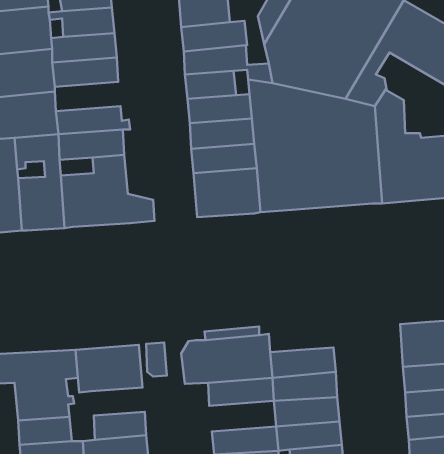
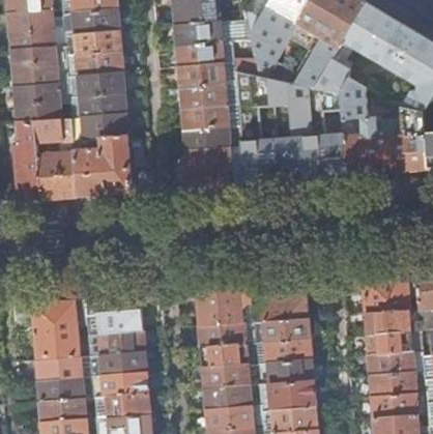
building: none -> [68,73,124,97]
building: none -> [99,332,145,356]
building: none -> [200,344,257,370]

